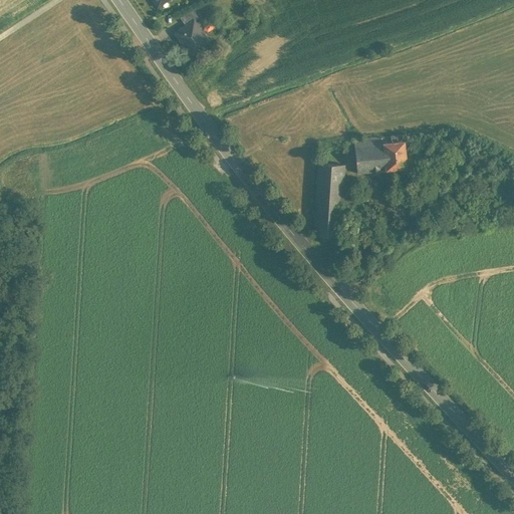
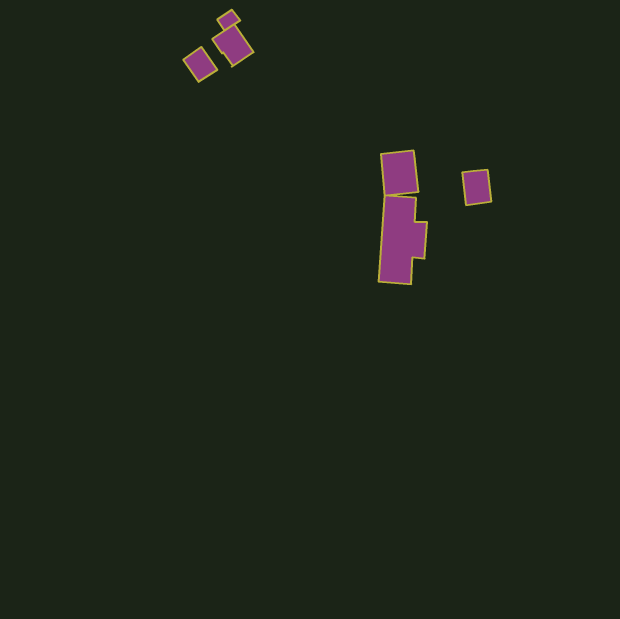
building: none -> [183,47,217,82]
building: [354,136,386,173] -> [381,151,419,195]

